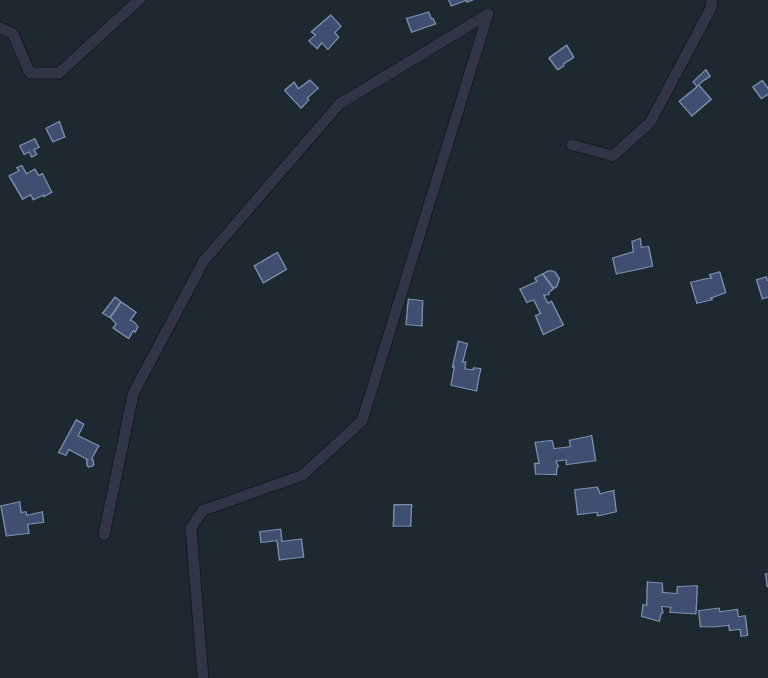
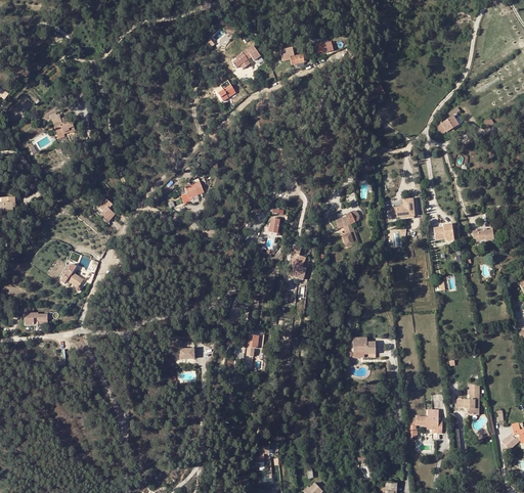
building: [535,435,595,475] -> none
building: [642,582,697,621] -> none

